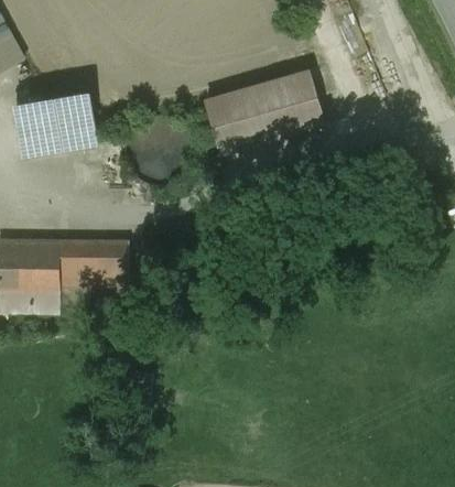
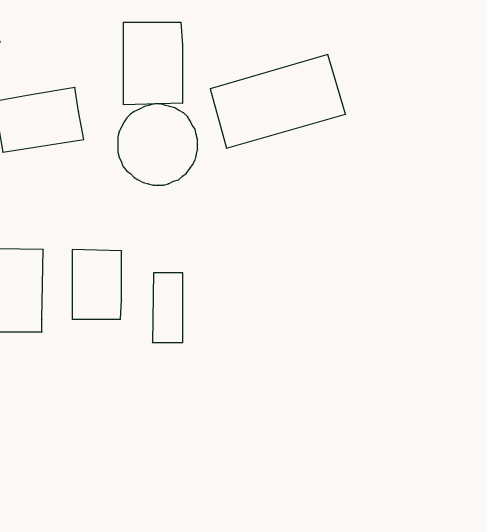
building: none -> [123,22,182,105]
building: [58,240,85,301] -> [152,273,183,343]

